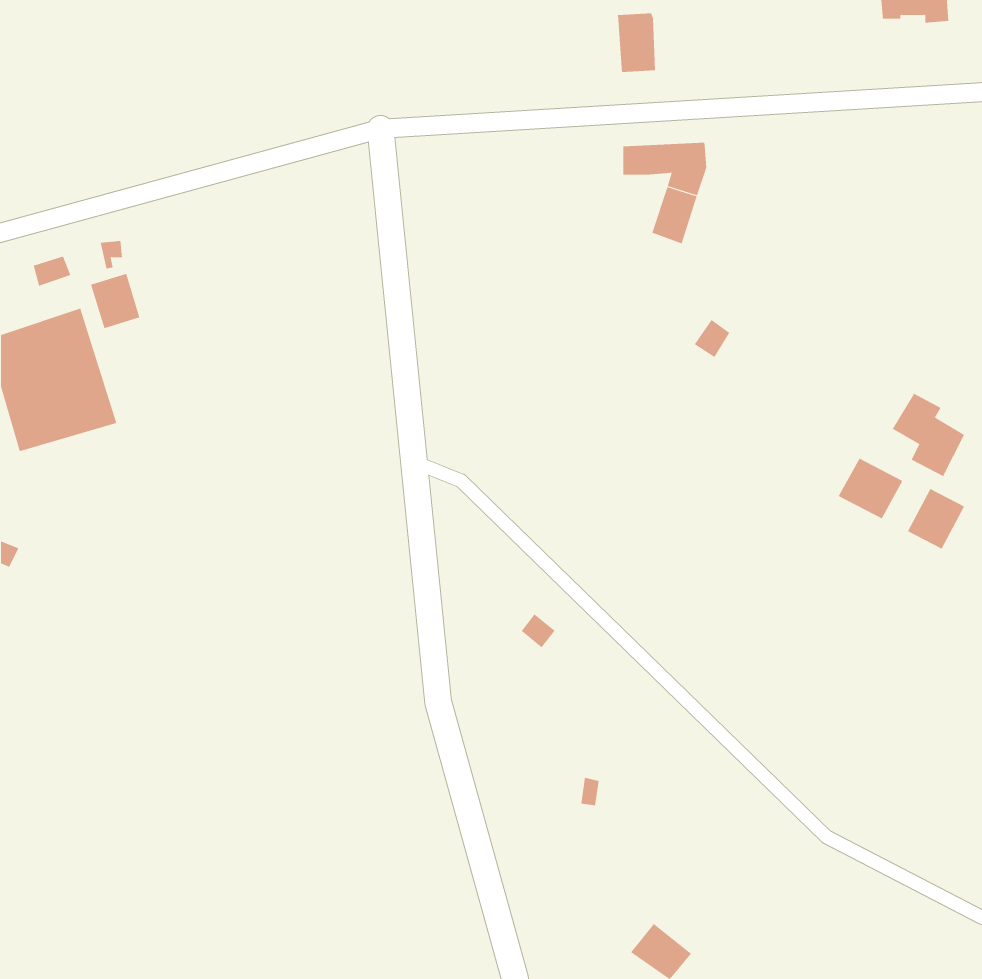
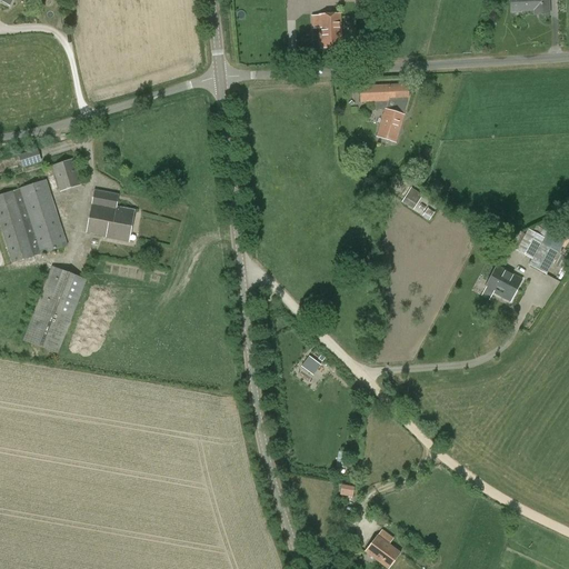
building: [617,13,656,72] -> [319,12,341,47]
building: none -> [87,188,134,240]
building: none -> [23,264,87,352]
building: [907,488,965,550] -> none

